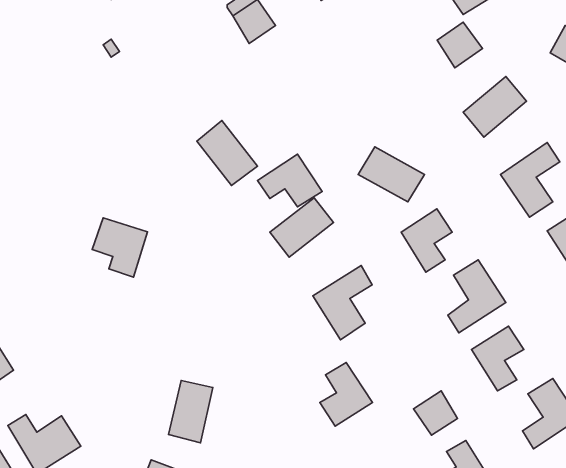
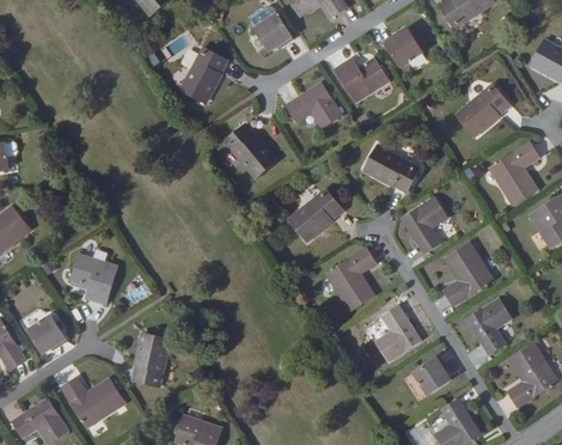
building: [437,22,483,68] -> [386,29,426,68]
building: none -> [181,45,231,102]
building: none -> [335,57,390,102]
building: [257,154,322,207] -> [287,84,343,129]
building: [92,218,147,277] -> [71,254,118,305]
building: [320,363,372,426] -> [375,305,421,360]
building: [169,381,213,443] -> [133,333,171,386]

